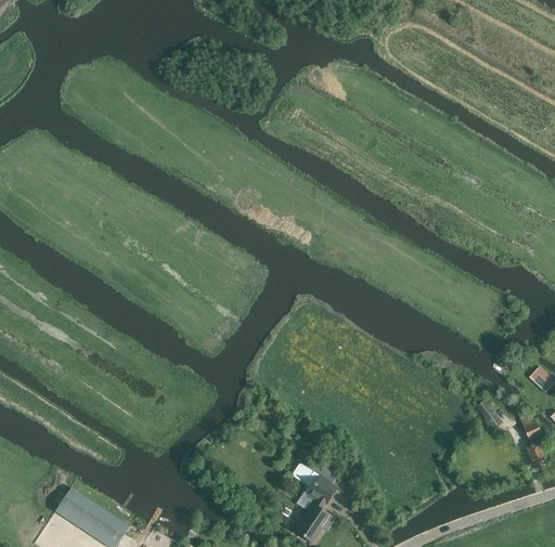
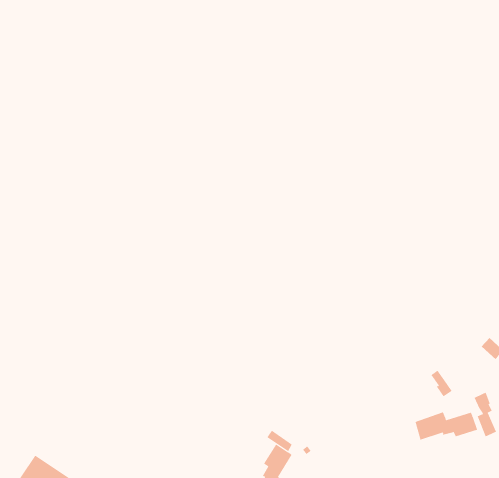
building: none -> [415,412,478,440]

